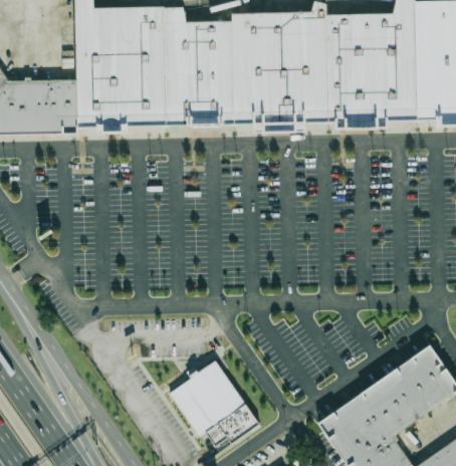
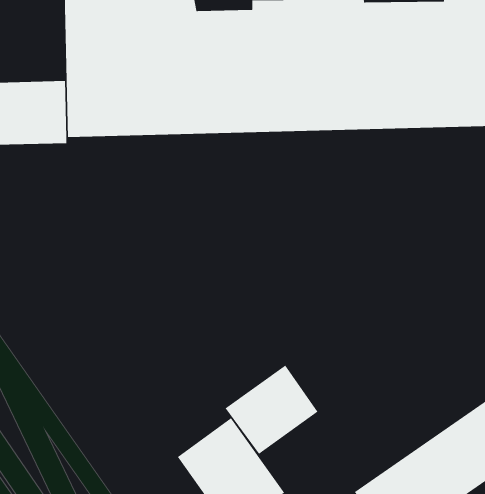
building: none -> [224,364,319,455]

